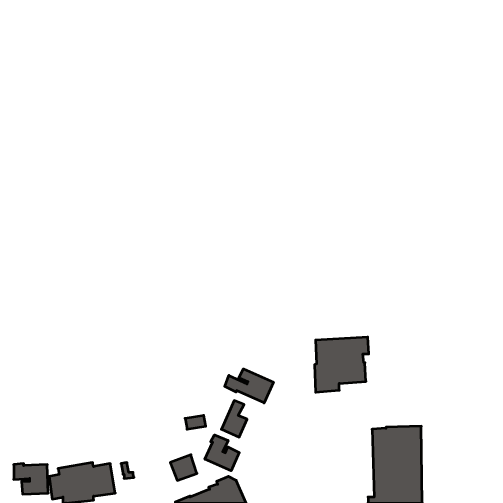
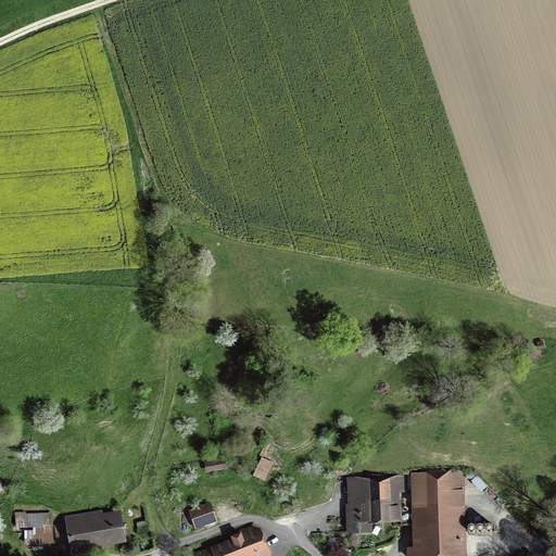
building: [315,337,369,392] -> [345,475,405,535]
building: [225,369,273,403] -> none
building: [205,435,239,471] -> none

